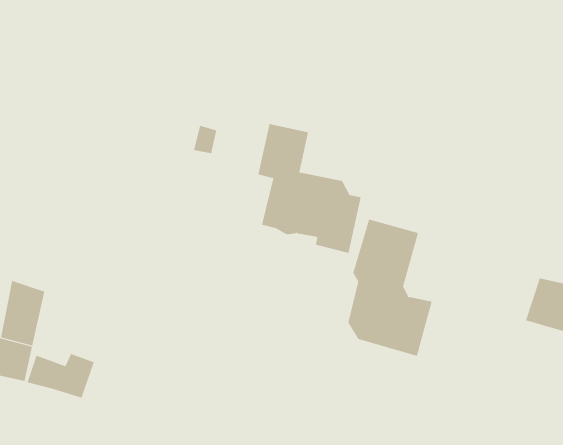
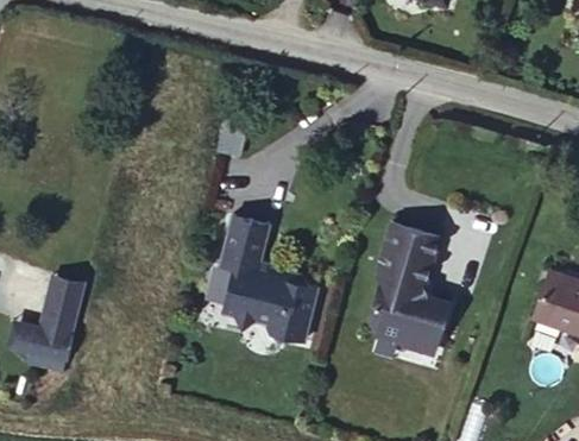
building: [258,123,362,254] -> [222,220,321,344]
building: [27,353,94,398] -> none

